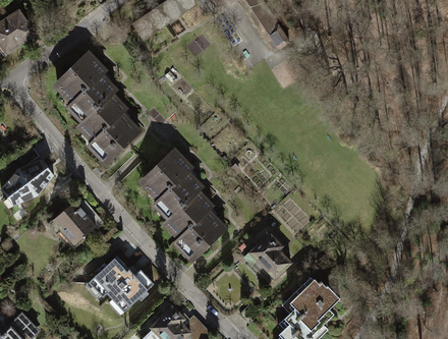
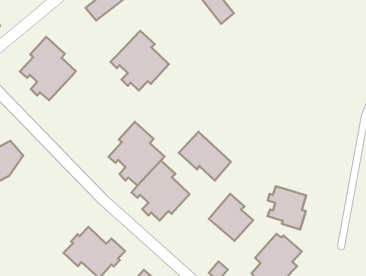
building: [77,95,138,158] -> [111,31,169,91]
building: none -> [179,132,231,180]
building: [47,201,104,243] -> none
building: none -> [268,186,306,230]

